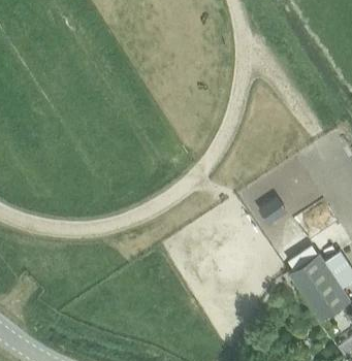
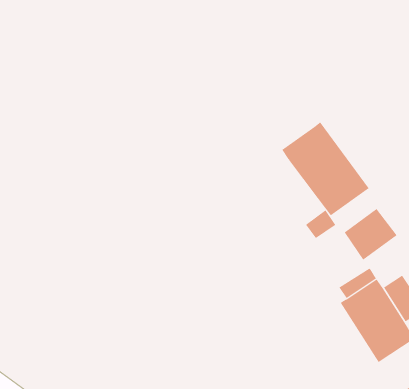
building: none -> [282,122,370,216]

